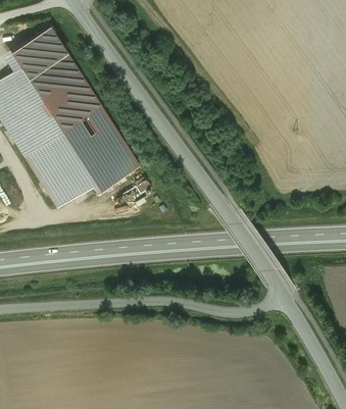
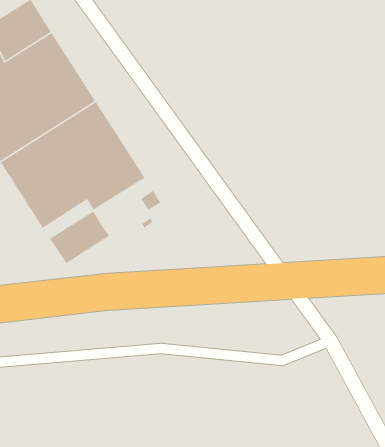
building: none -> [49,211,110,264]

